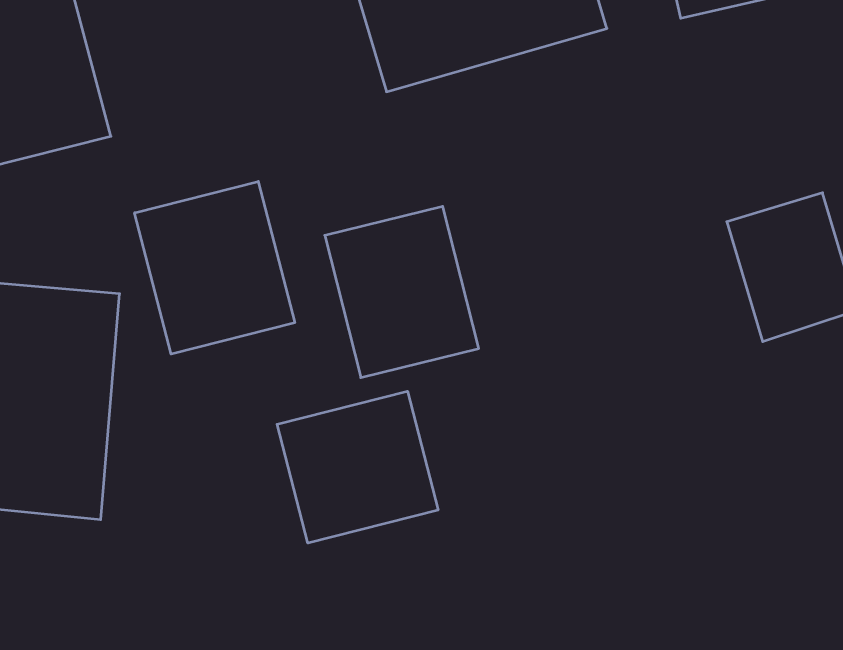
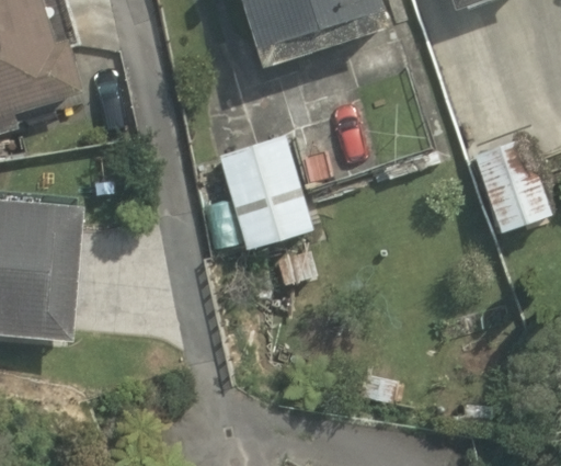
building: [135,181,295,354] -> none
building: [277,391,438,543] -> none

